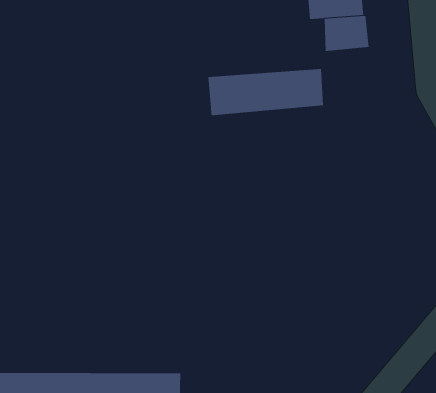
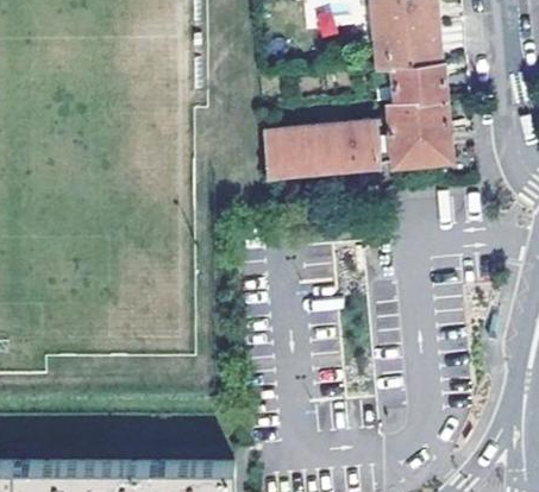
building: none -> [389,95,451,160]

